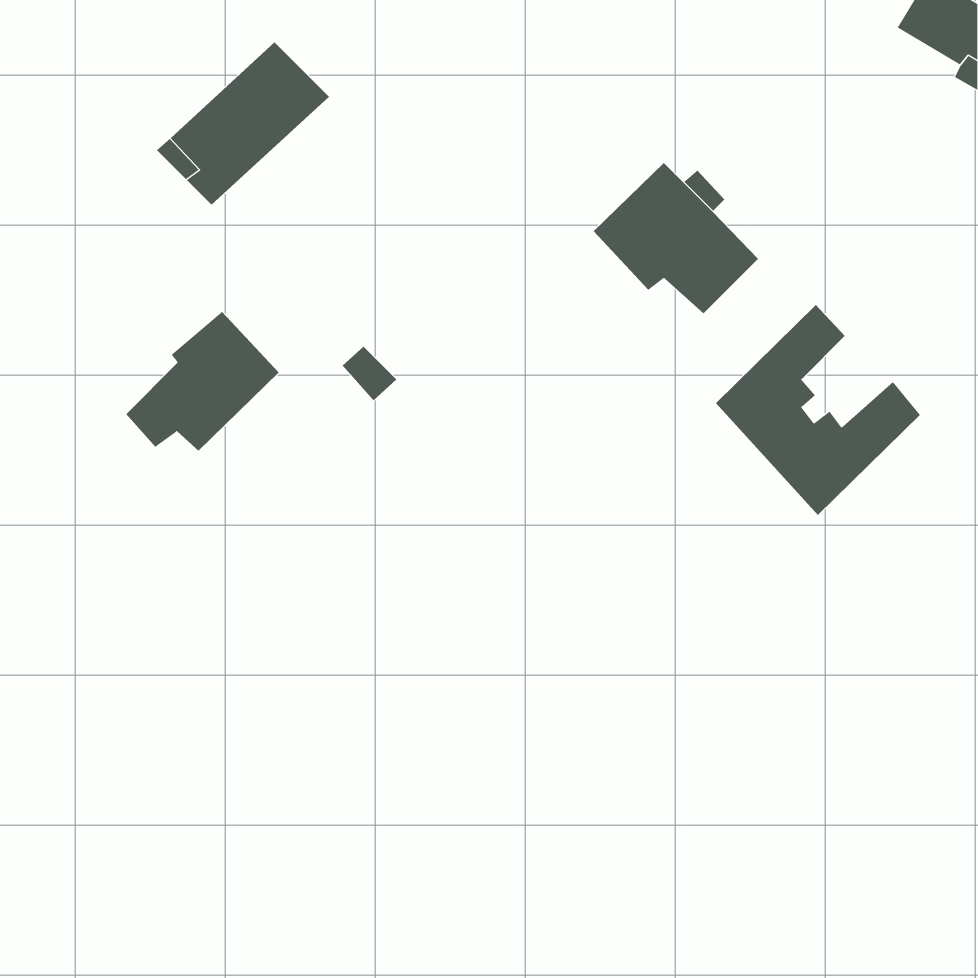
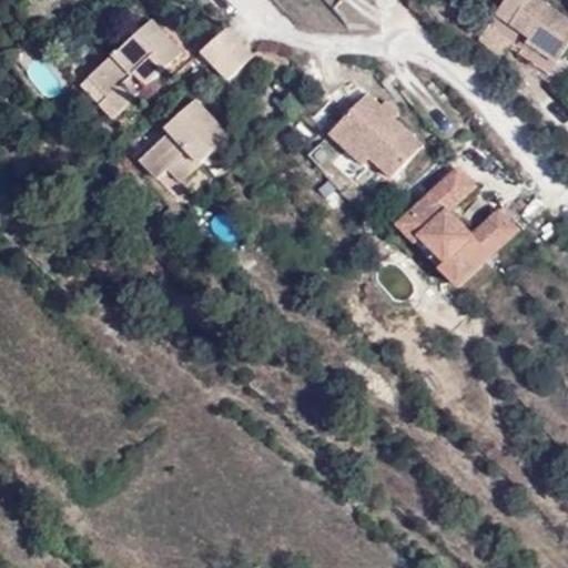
building: none -> [210,31,258,81]
building: [125,311,280,452] -> [146,104,233,183]

